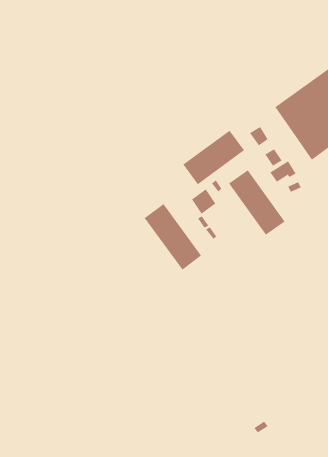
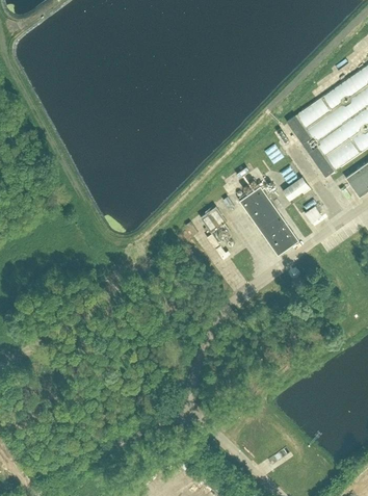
building: [182,130,245,185] -> none
building: [144,203,202,270] -> none

